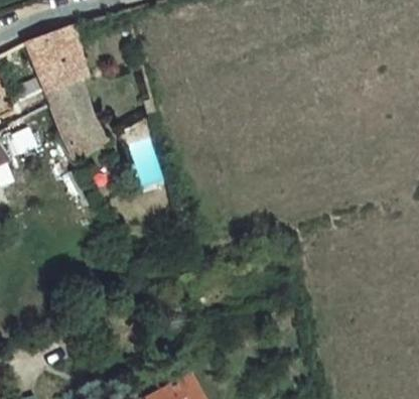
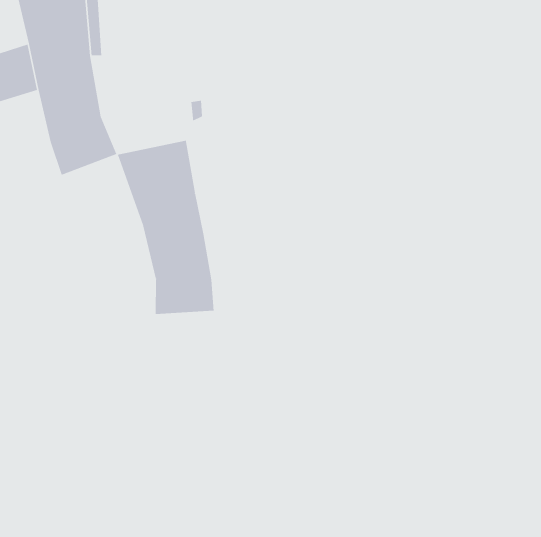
building: none -> [117,140,214,315]

